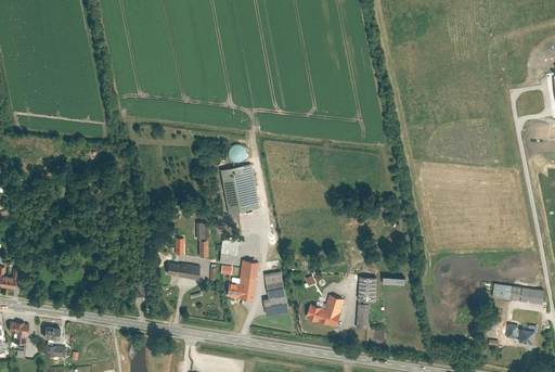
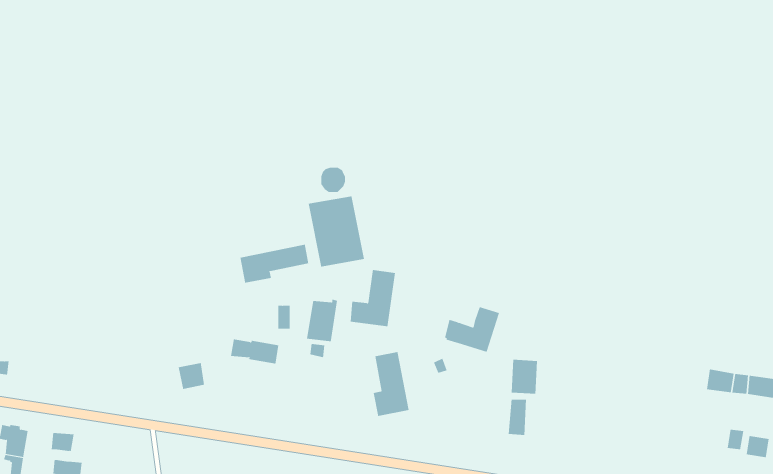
building: none -> [240,244,309,284]
building: [227,260,258,299] -> [350,270,396,327]
building: [306,295,344,326] -> [444,306,500,352]

